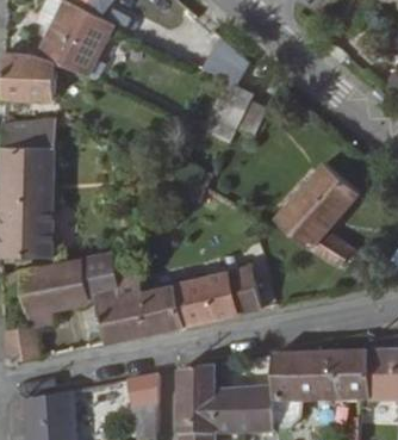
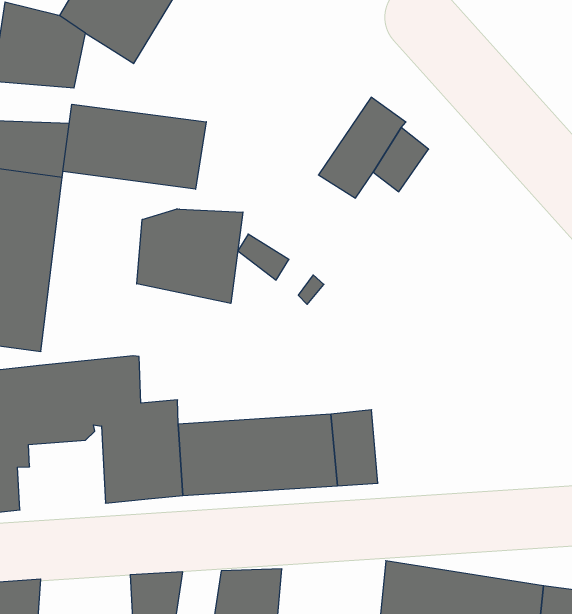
building: [203,33,248,81] -> none
building: none -> [63,104,206,189]
building: none -> [137,209,243,303]
building: [276,163,359,264] -> none

